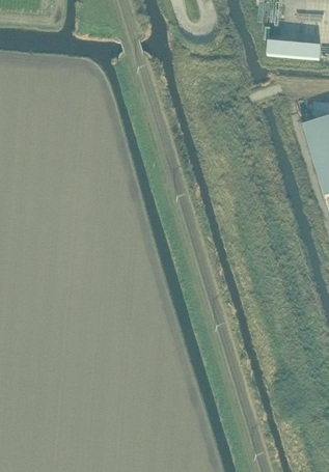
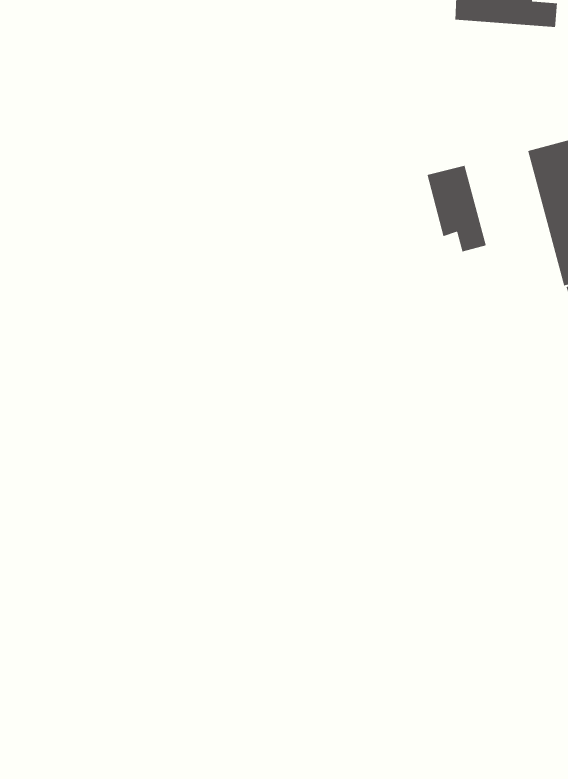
building: none -> [426,165,487,252]

